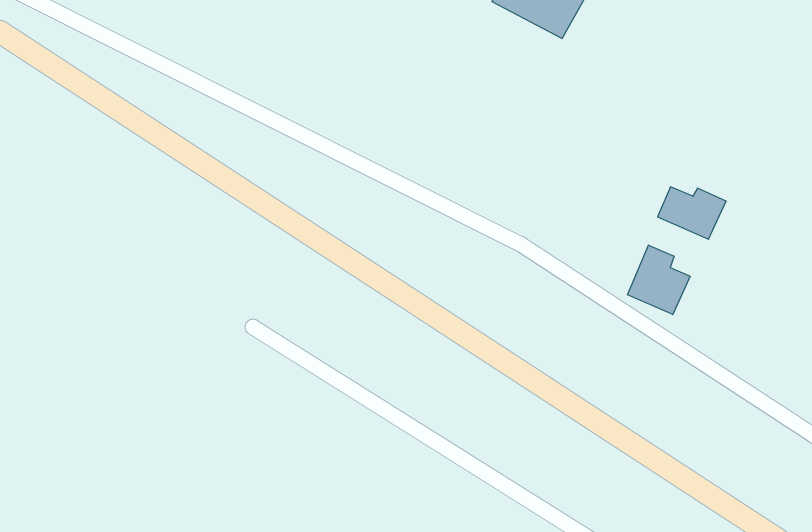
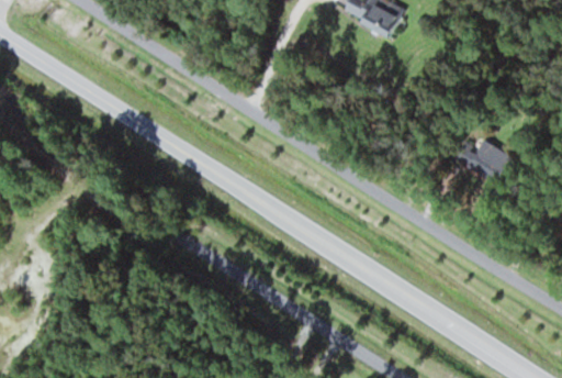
building: [627,245,690,315] -> none

